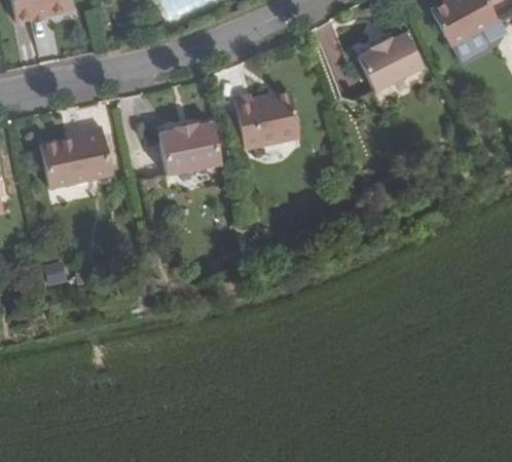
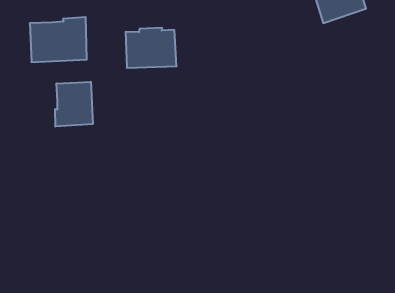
building: [237,89,303,146] -> none
building: none -> [55,82,93,127]

